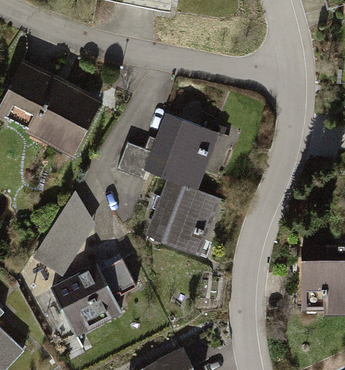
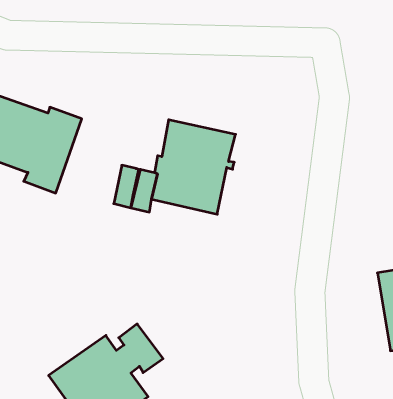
building: [147,179,214,257] -> none
building: [33,192,95,275] -> none

